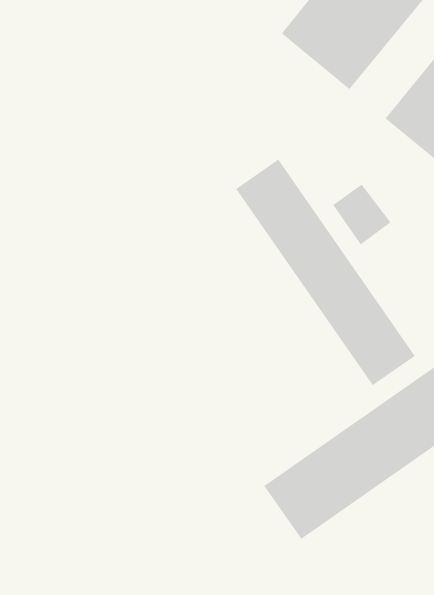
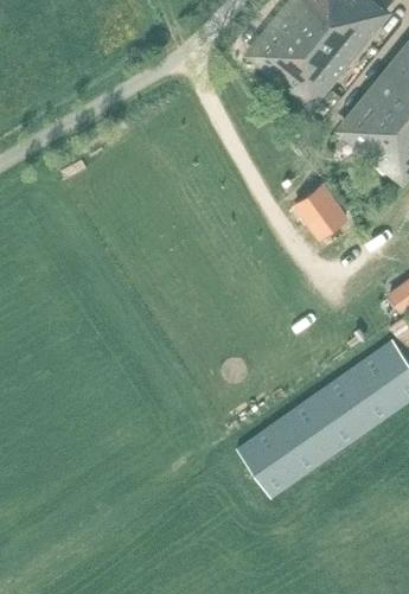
building: [235,159,416,386] -> none

